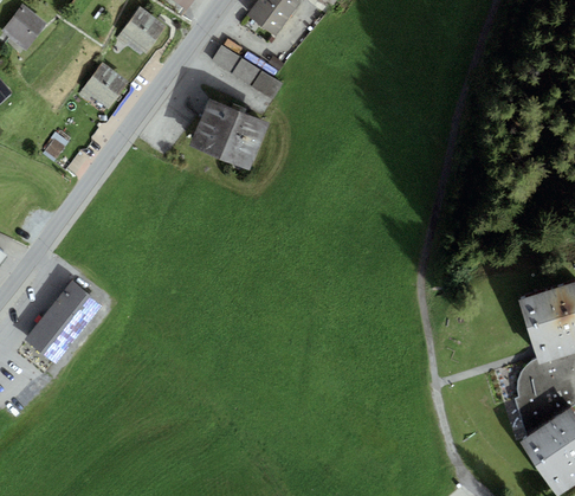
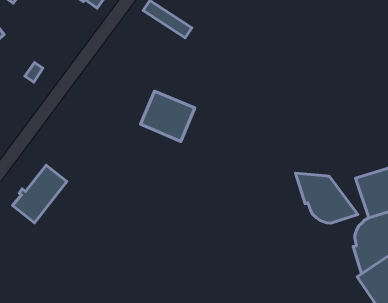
building: [78,60,130,109] -> none
building: [190,98,269,170] -> [141,91,195,141]
building: none -> [296,173,358,223]

